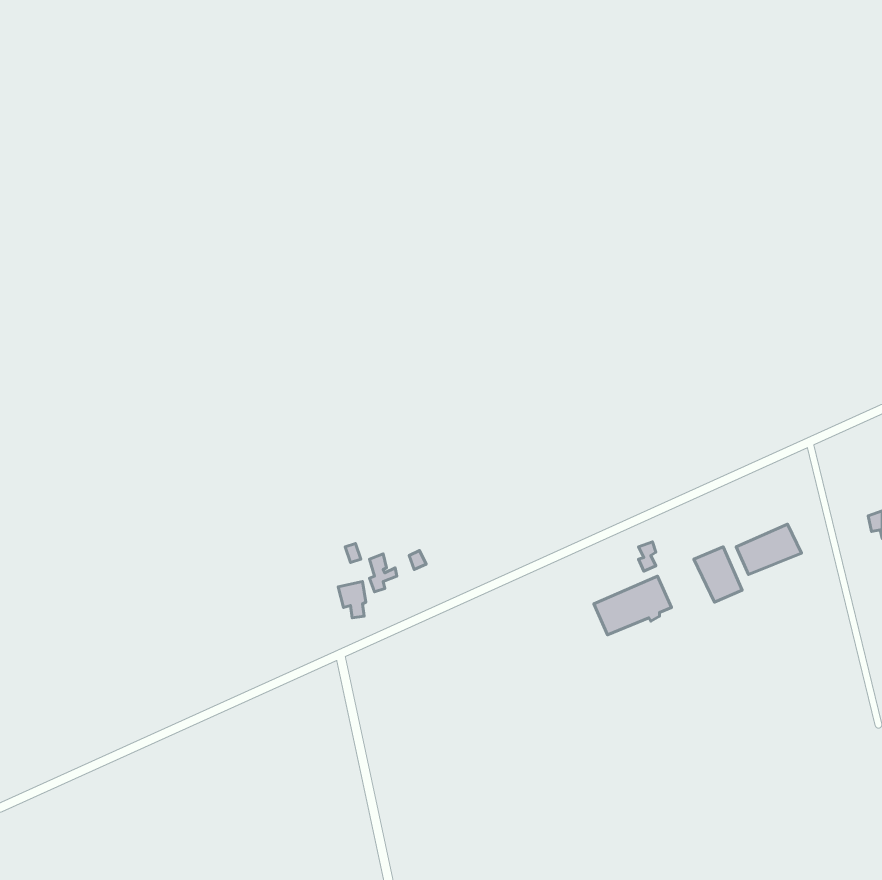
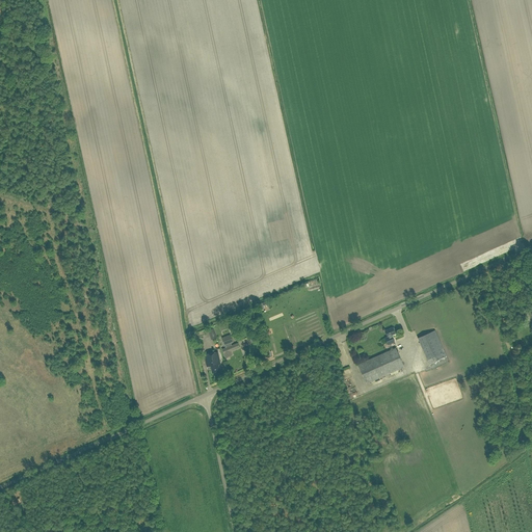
building: [736,524,801,575] -> none

